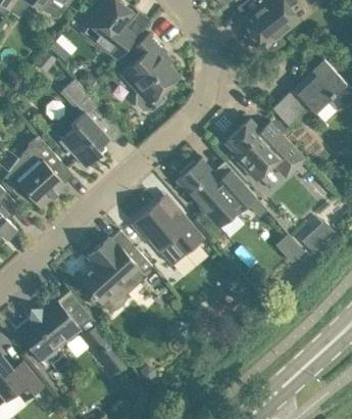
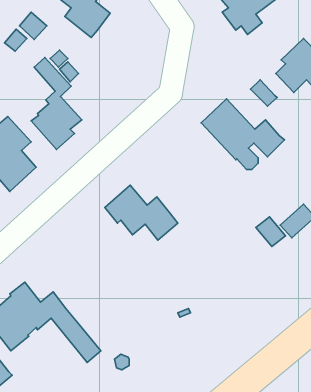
building: [120,34,180,109] -> none
building: [175,157,256,228] -> none
building: [79,237,152,310] -> none

